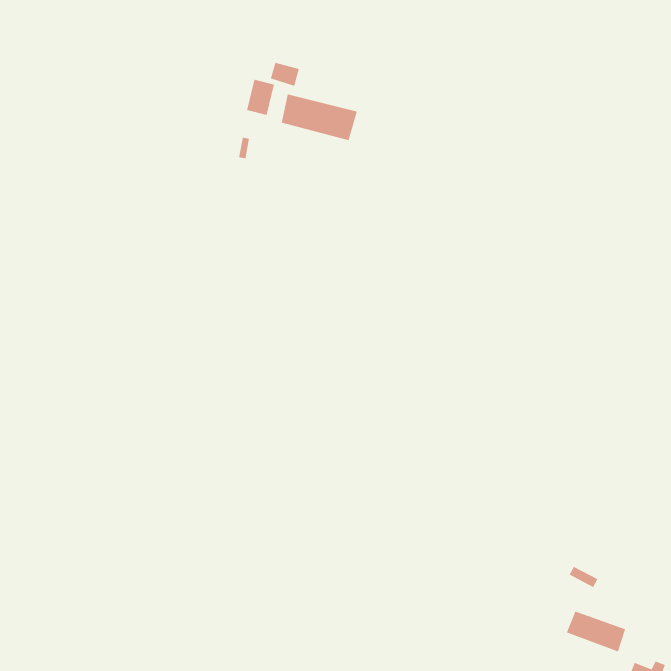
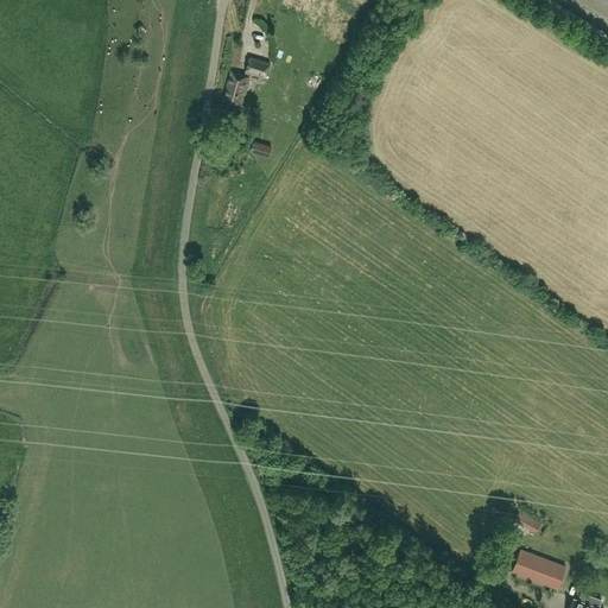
building: [281,94,358,141] -> none

